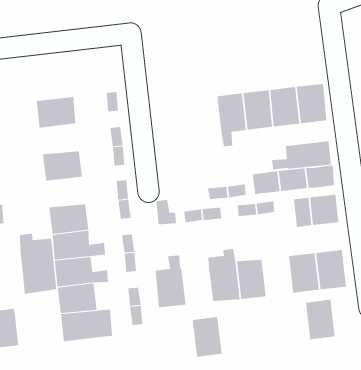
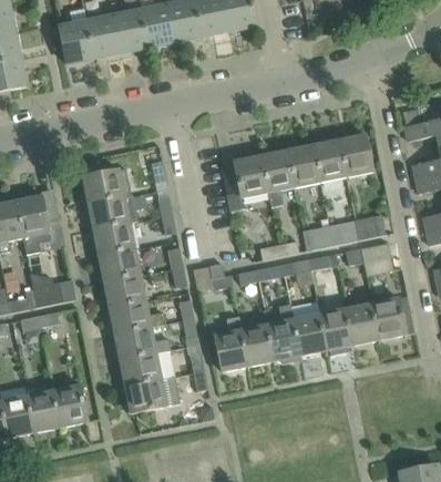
building: none -> [223,156,268,211]
building: none -> [88,196,130,229]
building: [271,140,331,170] -> none
building: none -> [99,248,141,281]
building: [19,233,57,295] -> none
building: [305,299,336,340] -> [320,308,353,350]
building: [192,317,222,357] -> [242,324,275,366]

